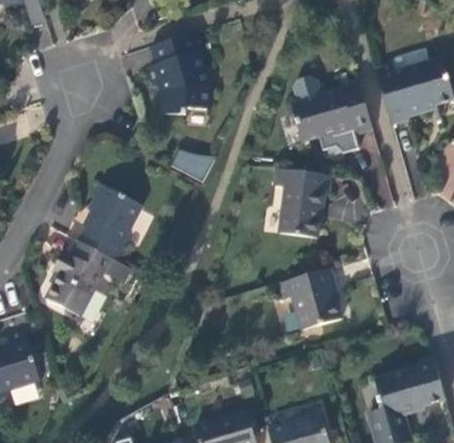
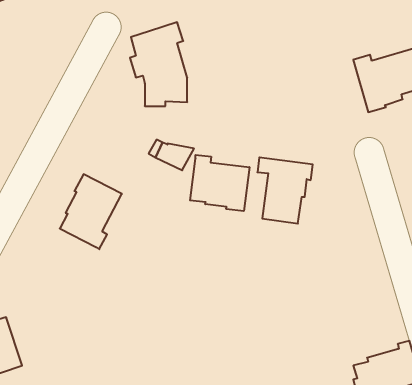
building: [291,78,371,153] -> none
building: none -> [190,155,249,211]
building: [47,242,130,317] -> none
building: [277,270,339,330] -> none

